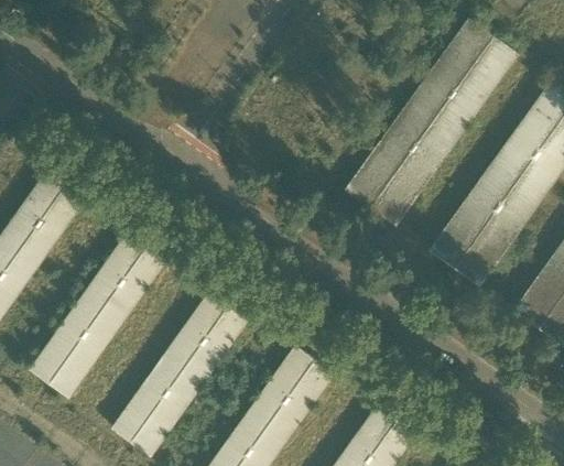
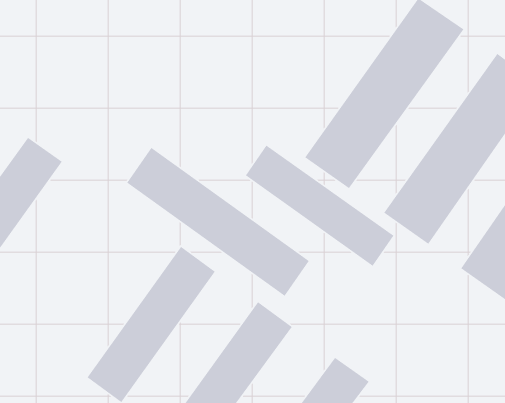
building: none -> [245,144,394,267]
building: none -> [126,147,310,297]
building: [30,230,167,397] -> none

